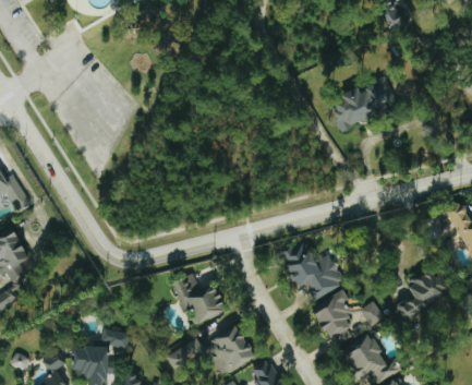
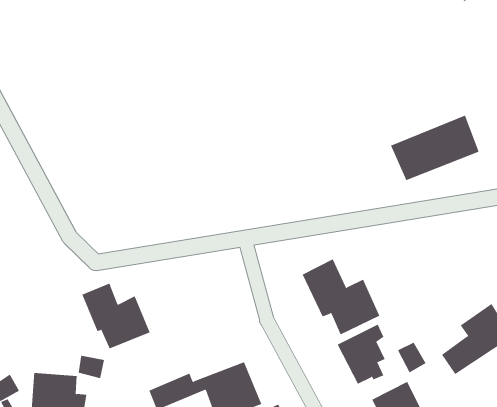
building: [324,74,395,130] -> [390,115,480,181]
building: [171,274,228,326] -> [81,283,151,349]

